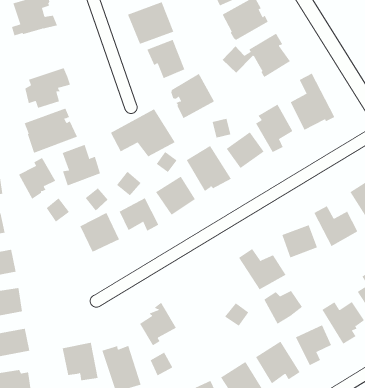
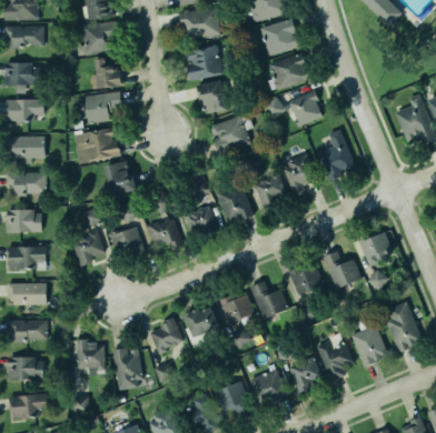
building: none -> [90,57,125,88]
building: [110,109,175,157] -> none
building: [18,157,56,199] -> [72,229,106,265]
building: none -> [185,306,220,338]
building: [263,290,303,324] -> [220,293,255,323]

